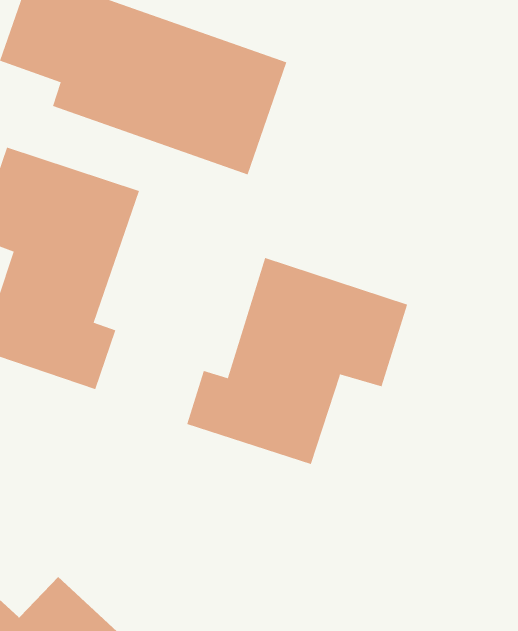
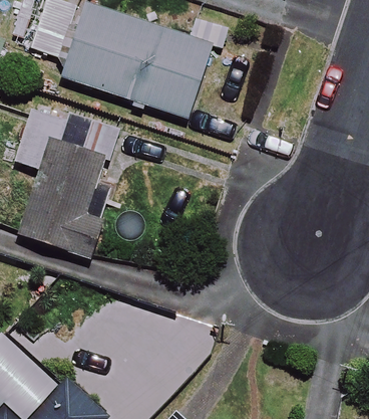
building: [186,257,408,465] -> none

